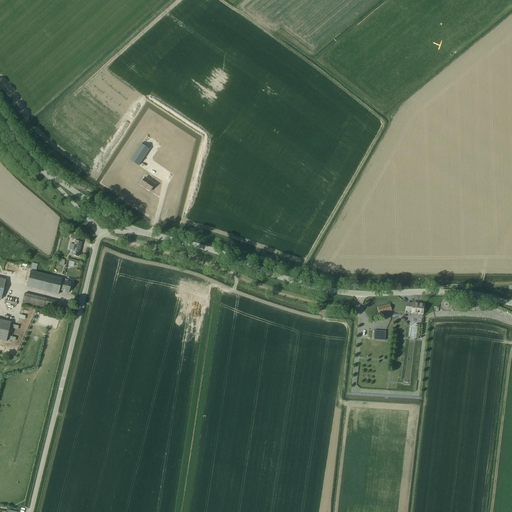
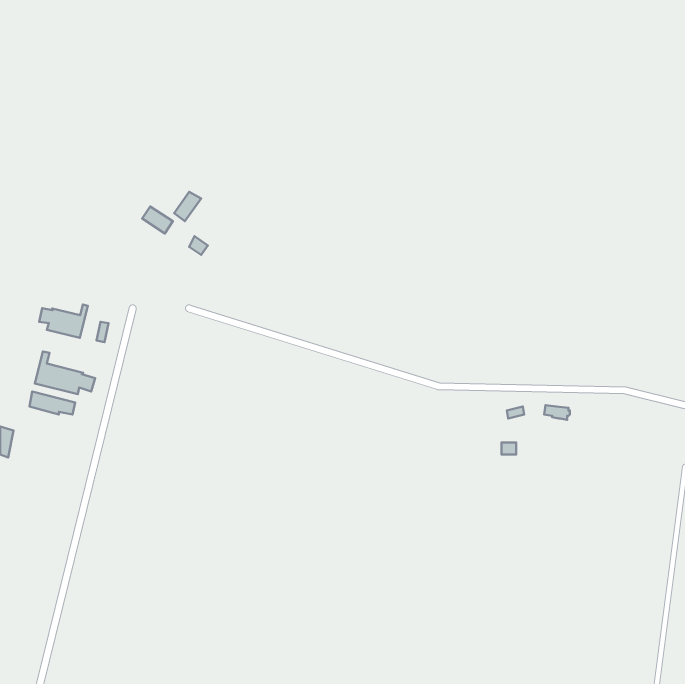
building: none -> [39,304,88,338]

